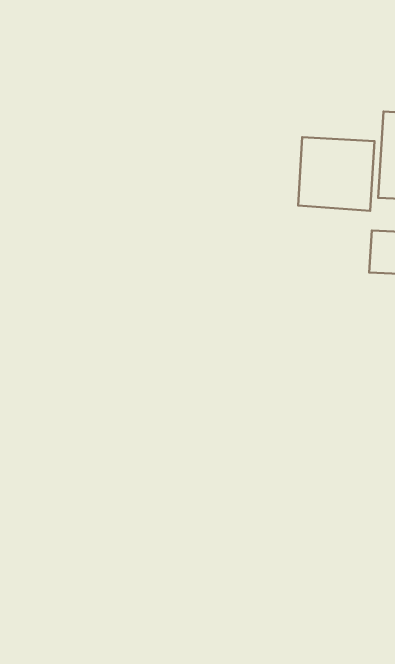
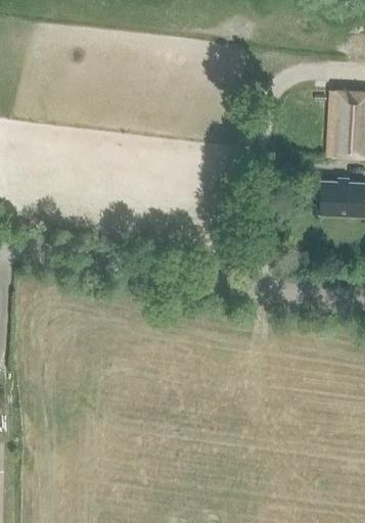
building: [298,137,374,211] -> none

